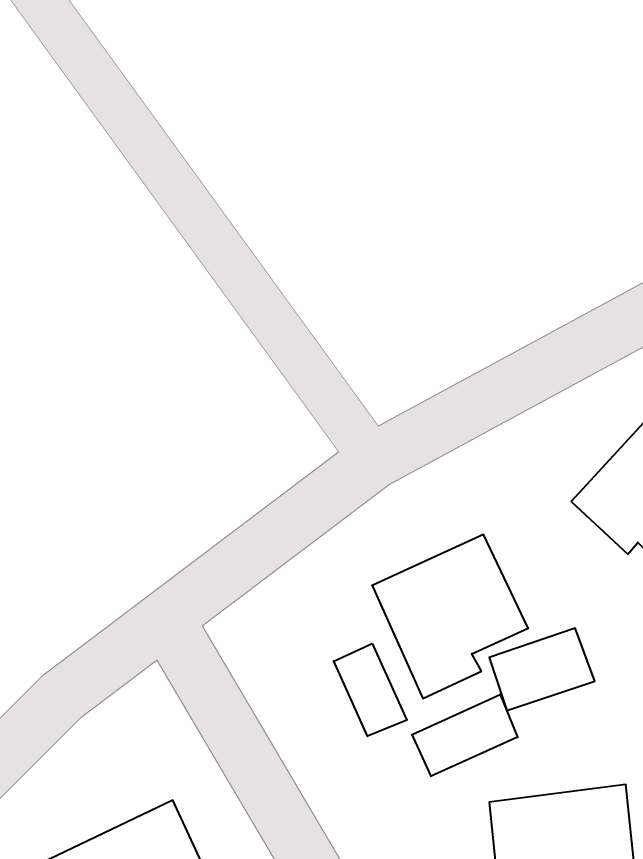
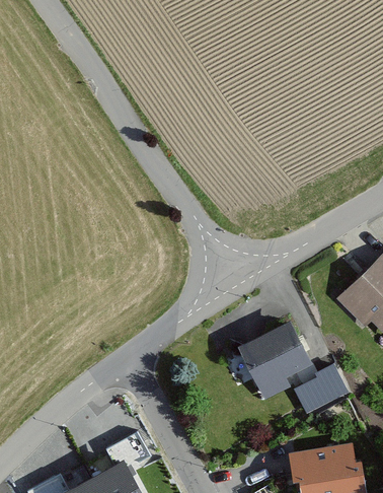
building: [334,644,407,736] -> none
building: [412,694,518,776] -> none

